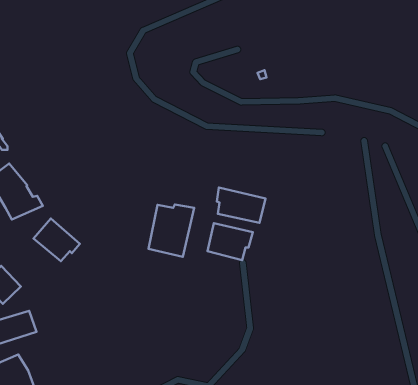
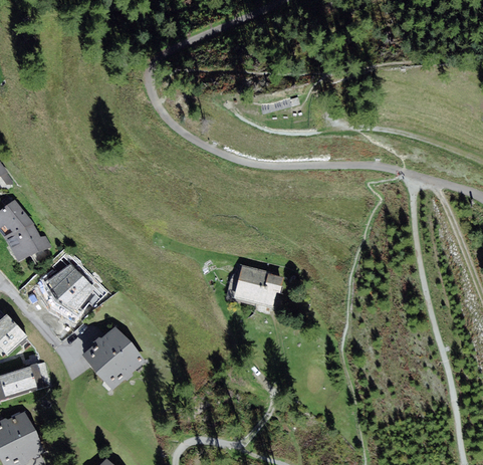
building: [217,188,265,223] -> none
building: [149,205,194,257] -> none
building: none -> [82,327,145,390]

